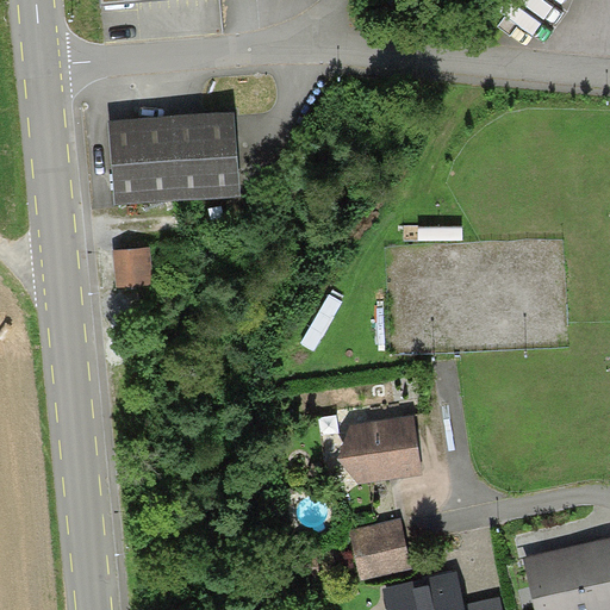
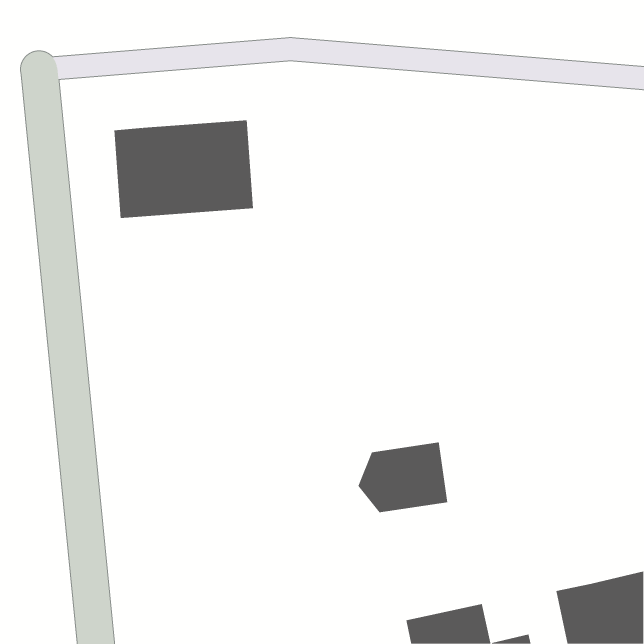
building: [113,249,152,287] -> none
building: [349,517,412,578] -> none

